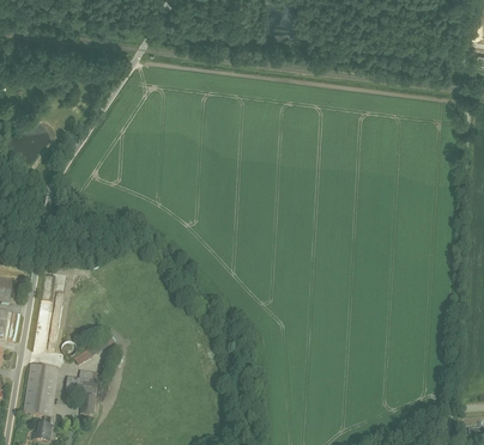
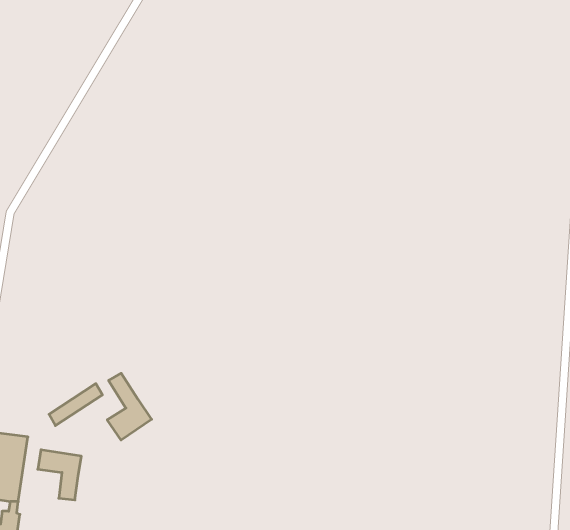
building: none -> [107,373,152,440]

